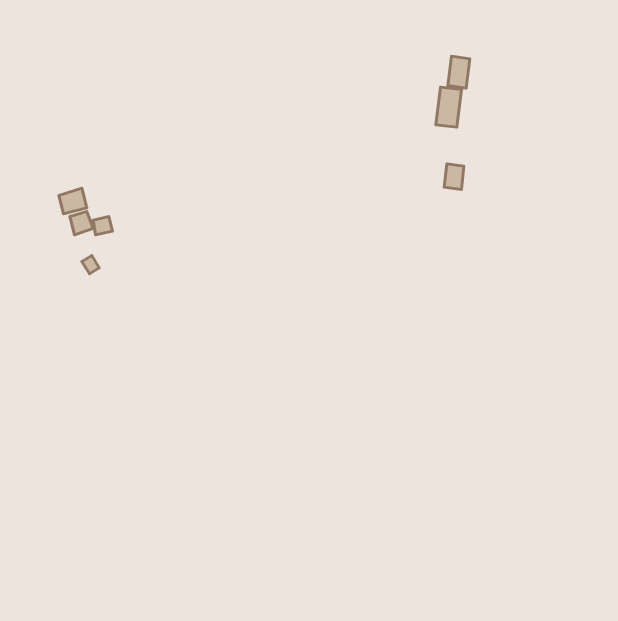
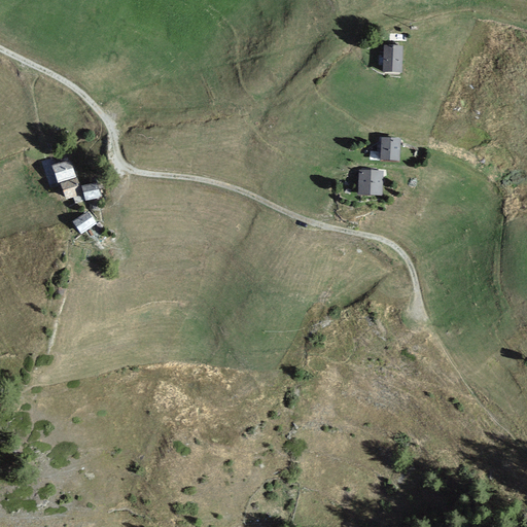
building: [436,87,461,127] -> none
building: none -> [356,169,381,195]

